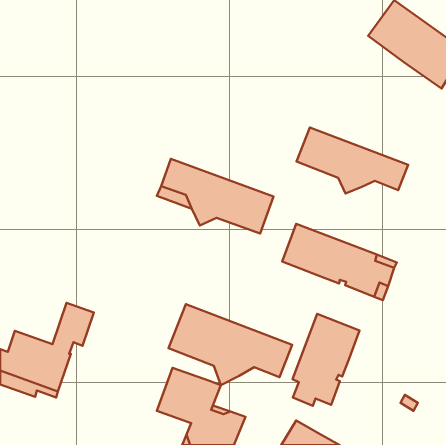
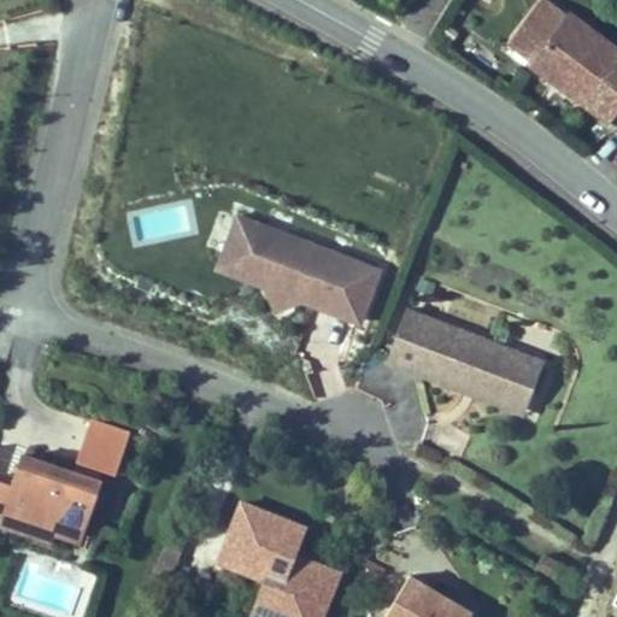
building: [296,127,408,194] -> none
building: [169,304,292,385] -> none
building: [292,314,359,406] -> none

